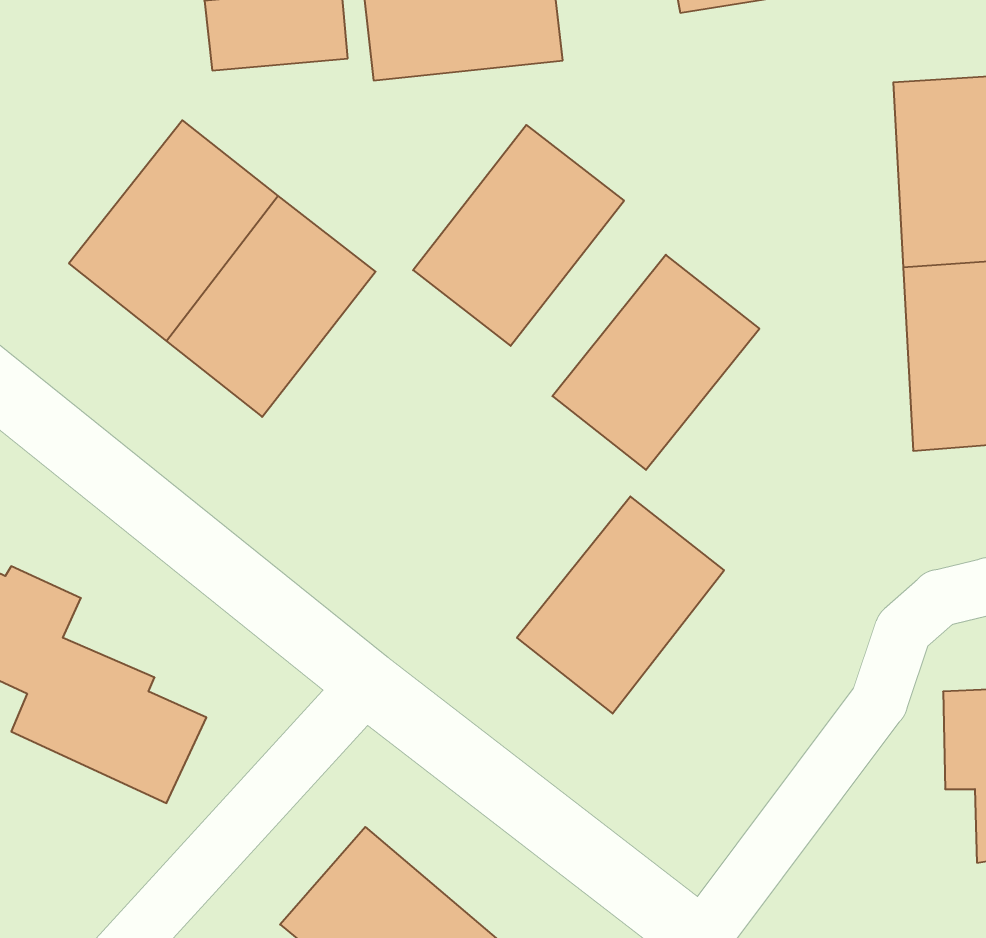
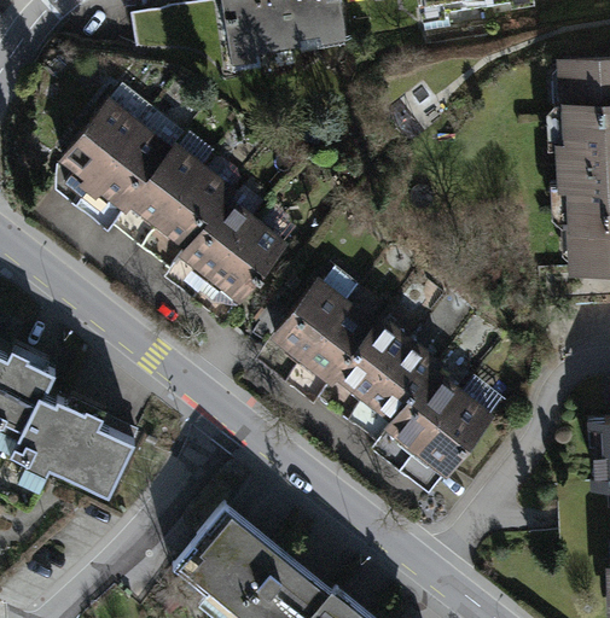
building: [413,125,624,346] -> [168,174,296,308]
building: [552,255,759,470] -> [266,266,391,396]
building: none -> [380,355,506,486]

